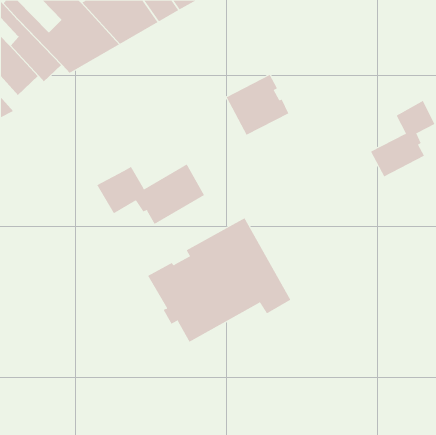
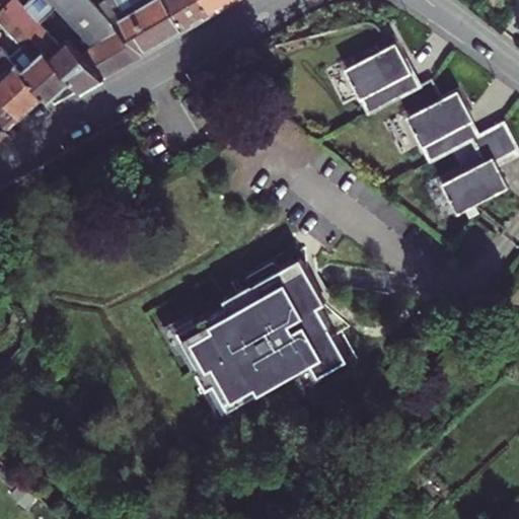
building: none -> [405,88,477,162]
building: [226,74,289,136] -> [344,41,419,114]
building: [96,164,205,225] -> none

